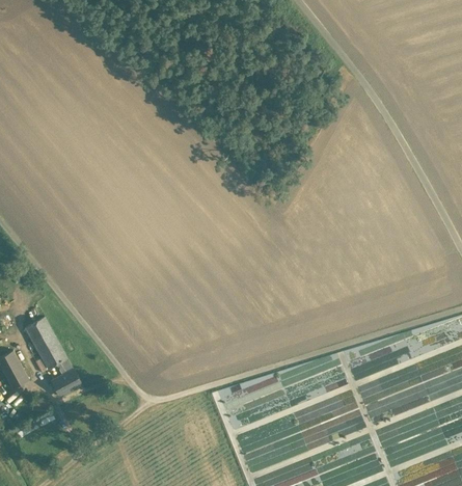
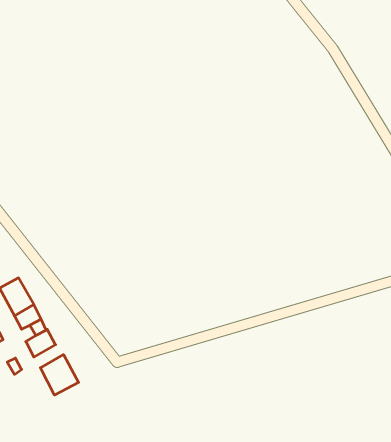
building: none -> [40,355,79,395]

